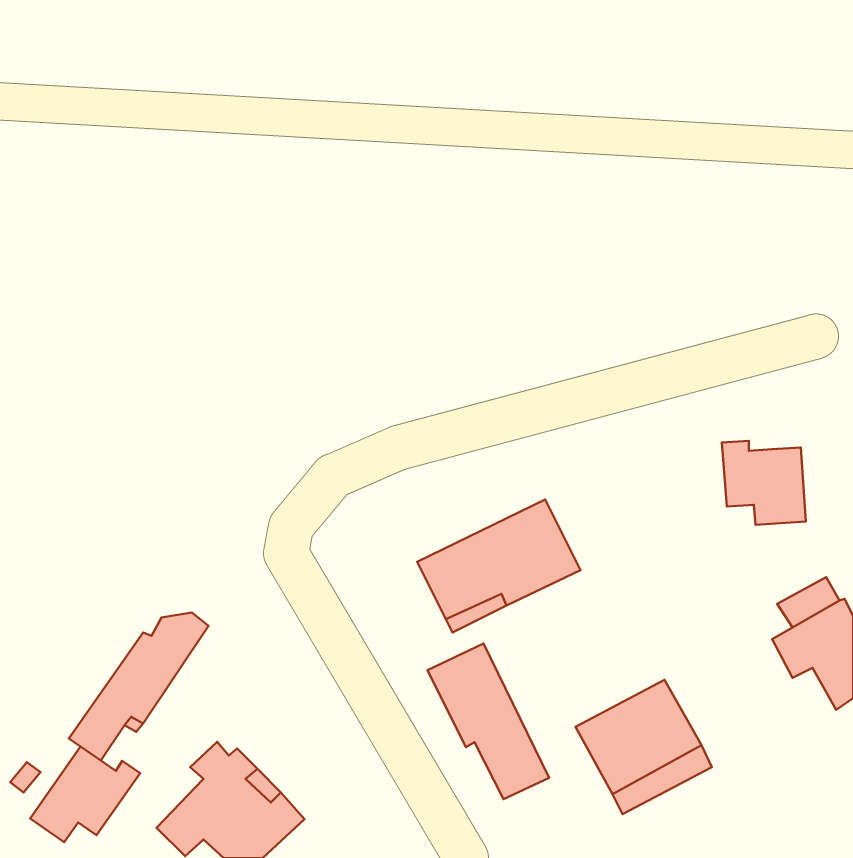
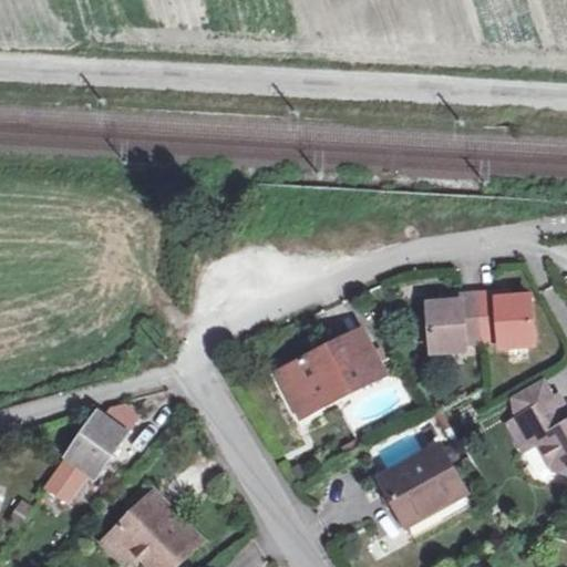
building: none -> [425,291,478,349]
building: [428,644,549,799] -> none
building: [30,747,140,842] -> none

